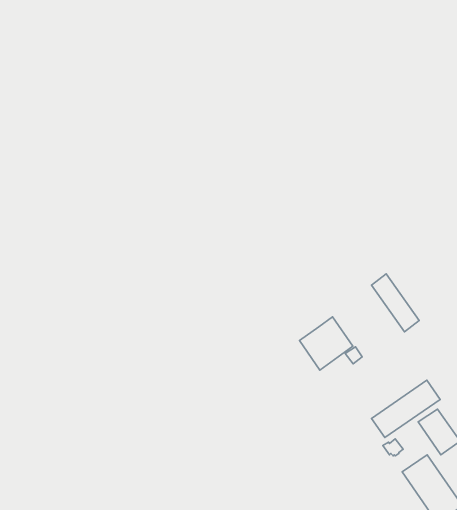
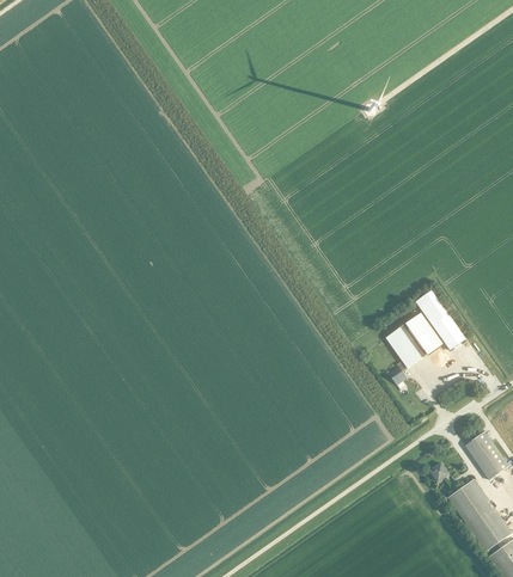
building: [299,317,353,370] -> [385,312,441,368]
building: [371,380,440,438] -> none

